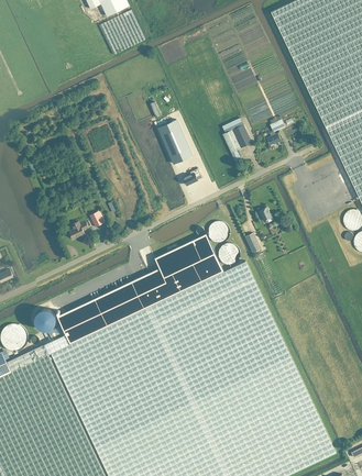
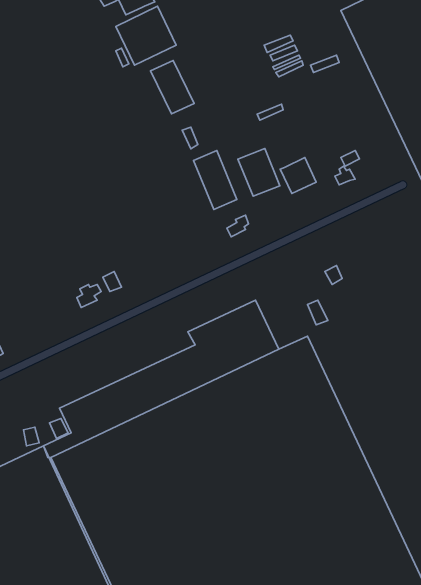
building: none -> [151,60,194,114]
building: none -> [238,149,280,196]

